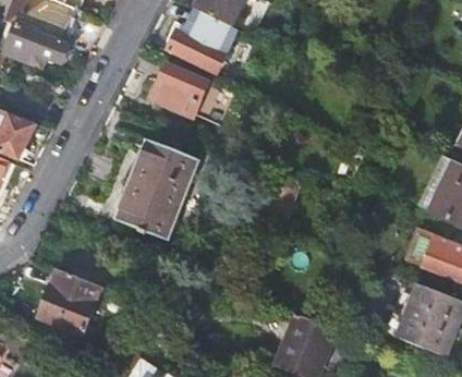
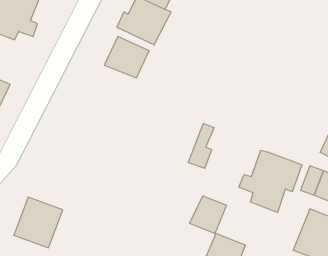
building: [99,133,197,242] -> none
building: none -> [239,150,302,212]
building: none -> [190,196,227,234]

